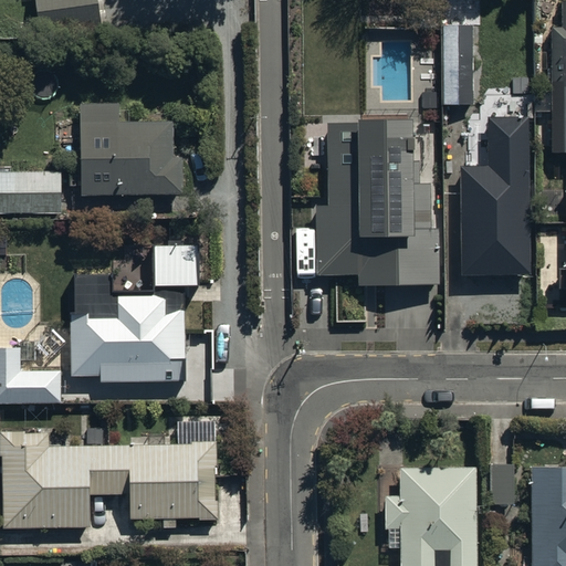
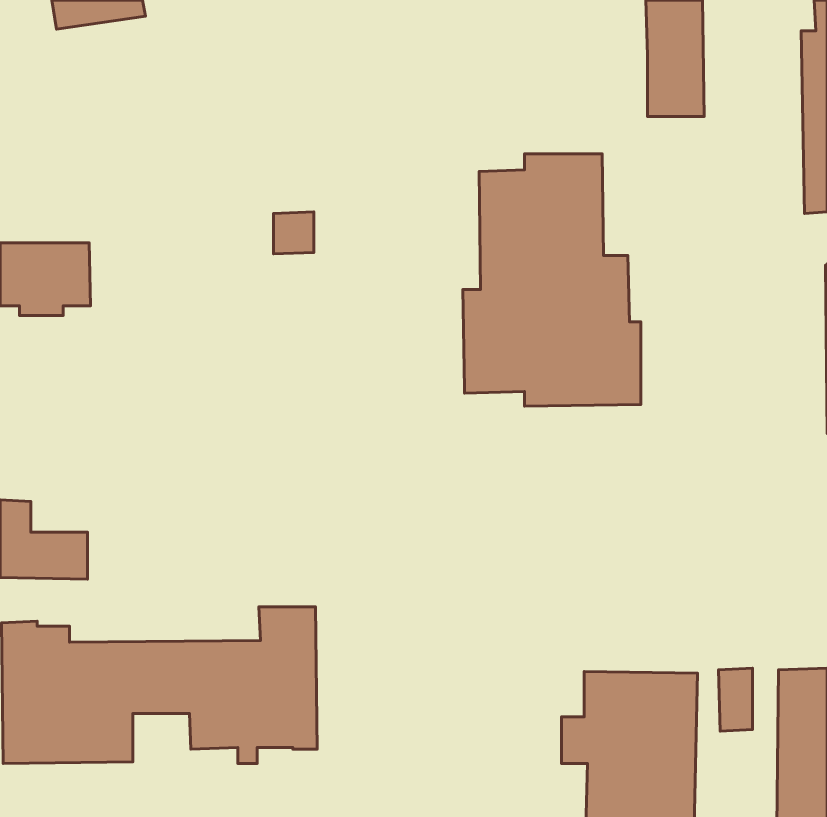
building: [81,103,184,196] -> none
building: [460,116,528,275] -> none
building: [71,243,198,382] -> none

